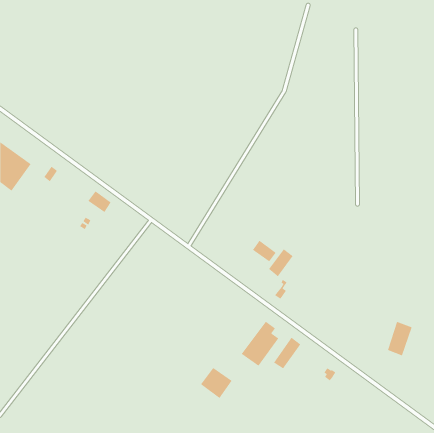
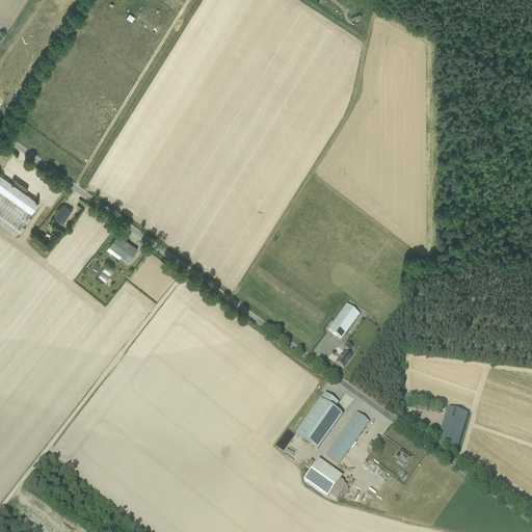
building: [252,240,277,262] -> none
building: [387,321,413,356] -> [437,405,469,448]
building: [200,367,233,399] -> [301,458,341,497]

